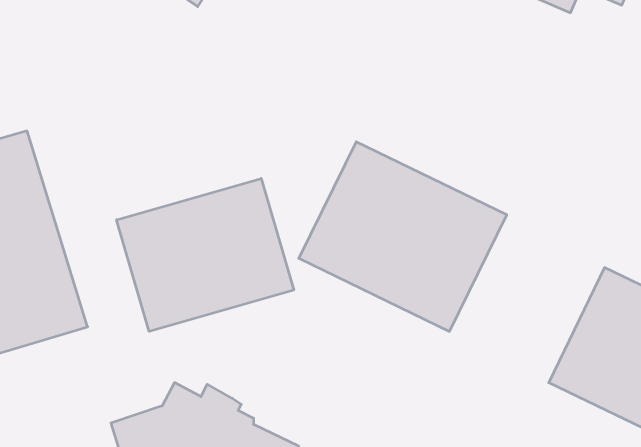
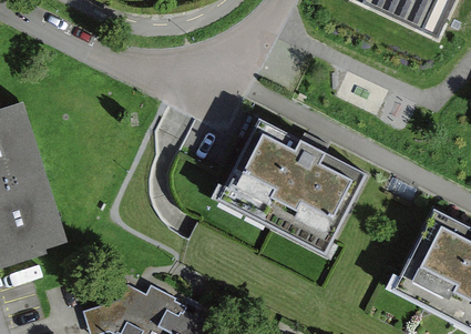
building: [117,178,294,331] -> none

